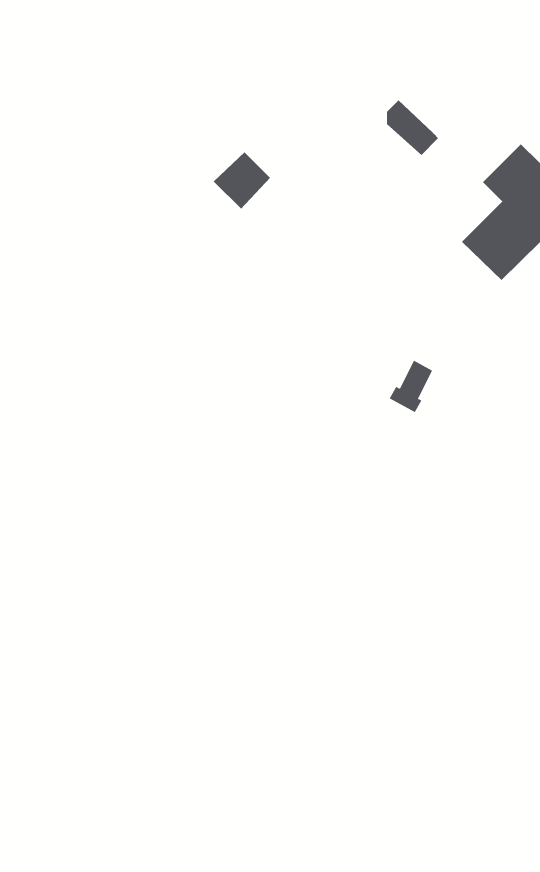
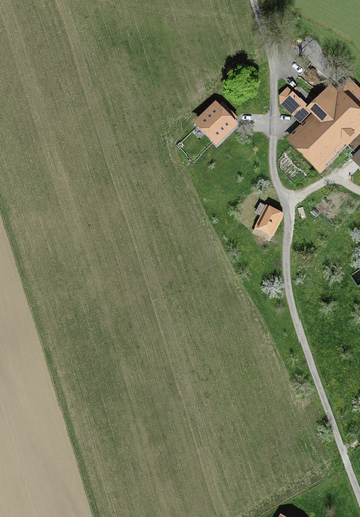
building: [386,100,439,156] -> [278,86,309,118]
building: [213,151,271,210] -> [197,105,230,138]

